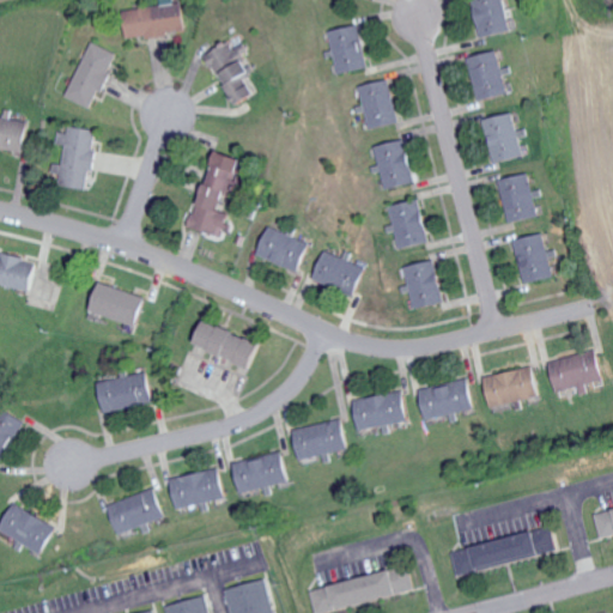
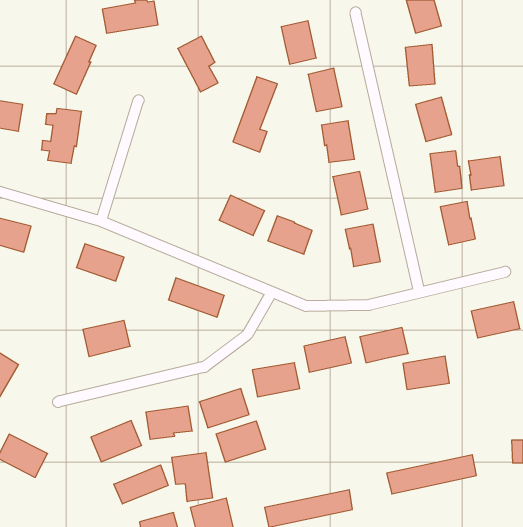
building: [187,151,238,238] -> [233,77,277,152]
building: none -> [469,156,504,190]
building: [482,369,536,407] -> [403,356,449,389]
building: none -> [216,421,266,462]
building: none -> [172,452,212,502]
building: none -> [114,465,168,504]

